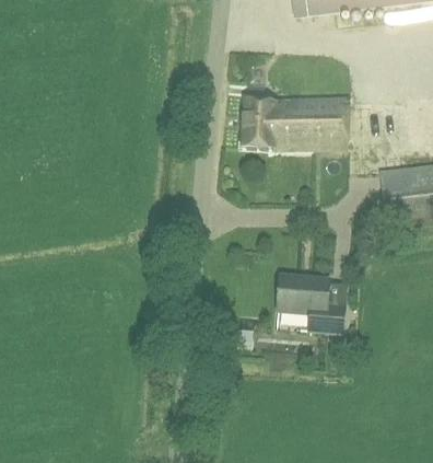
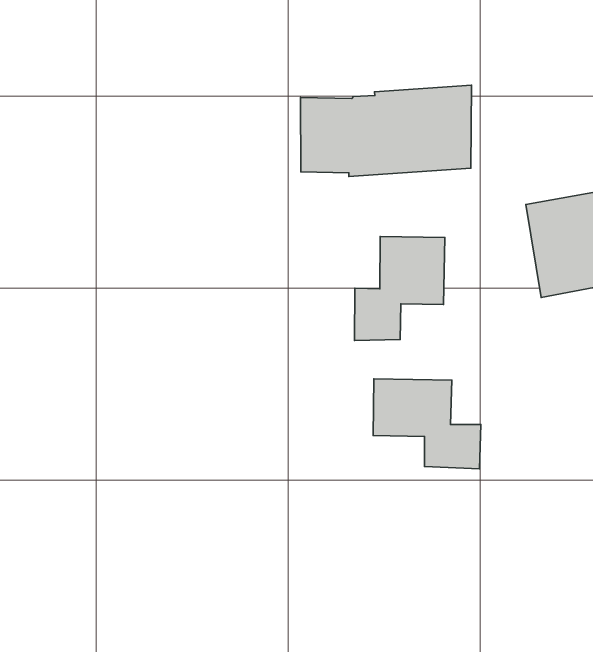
building: none -> [354,236,445,341]

